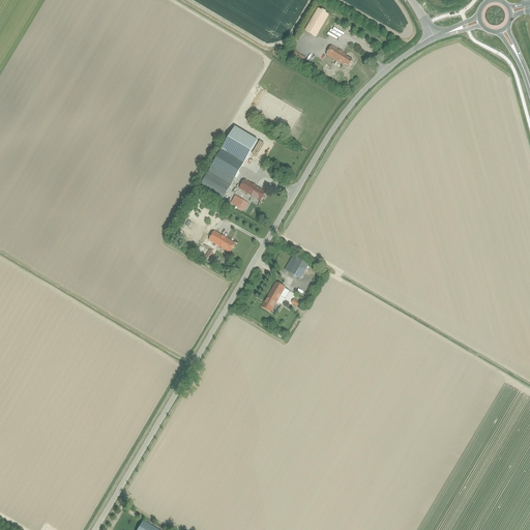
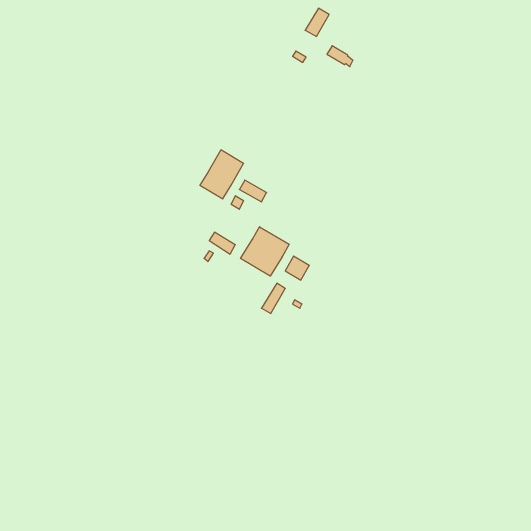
building: [219,126,256,163] -> none
building: none -> [241,227,289,276]

